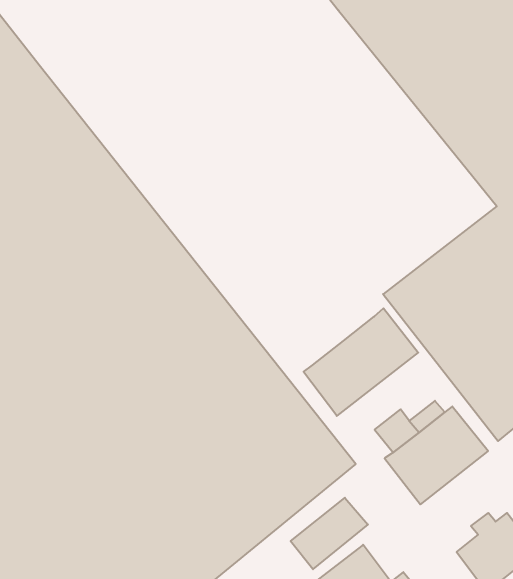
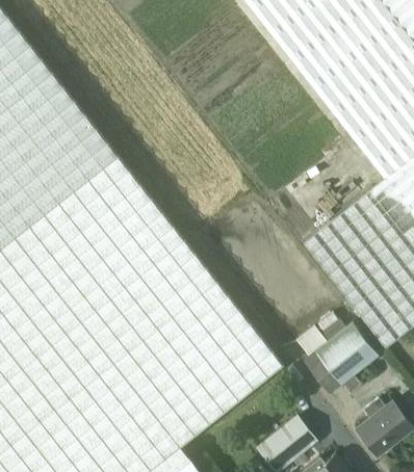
building: [304,308,418,416] -> none
building: [291,498,368,569] -> none

